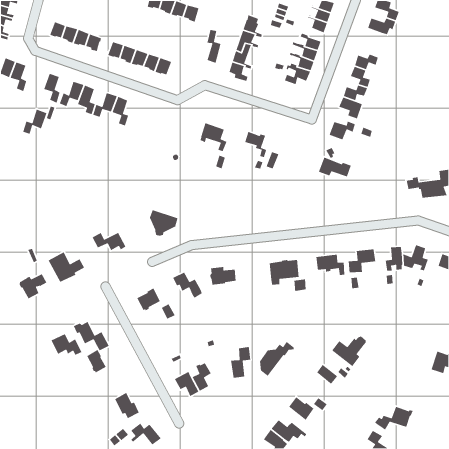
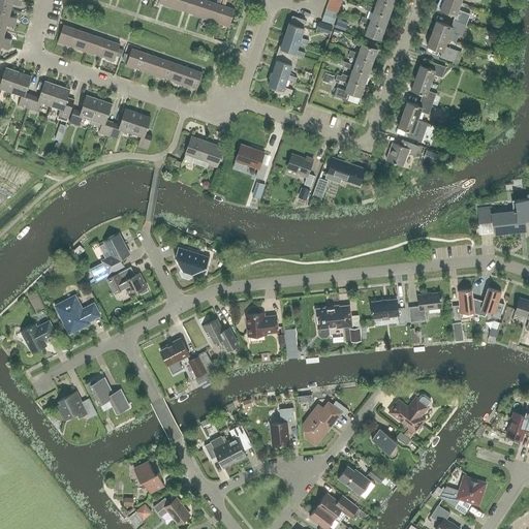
building: none -> [427,33,457,61]
building: [206,29,221,64] -> none
building: [22,108,48,135] -> [28,81,58,112]
building: none -> [185,136,224,167]
building: [318,156,352,178] -> [325,159,366,184]
building: none -> [92,234,129,282]
building: [86,349,107,374] -> none

